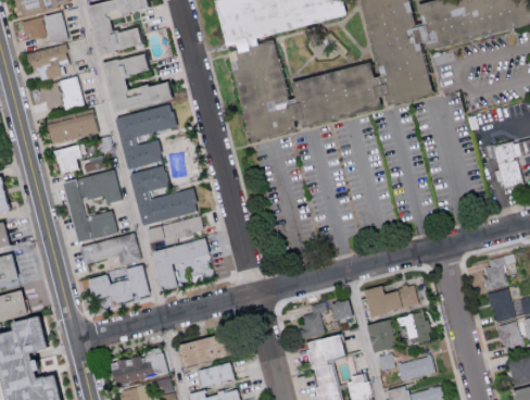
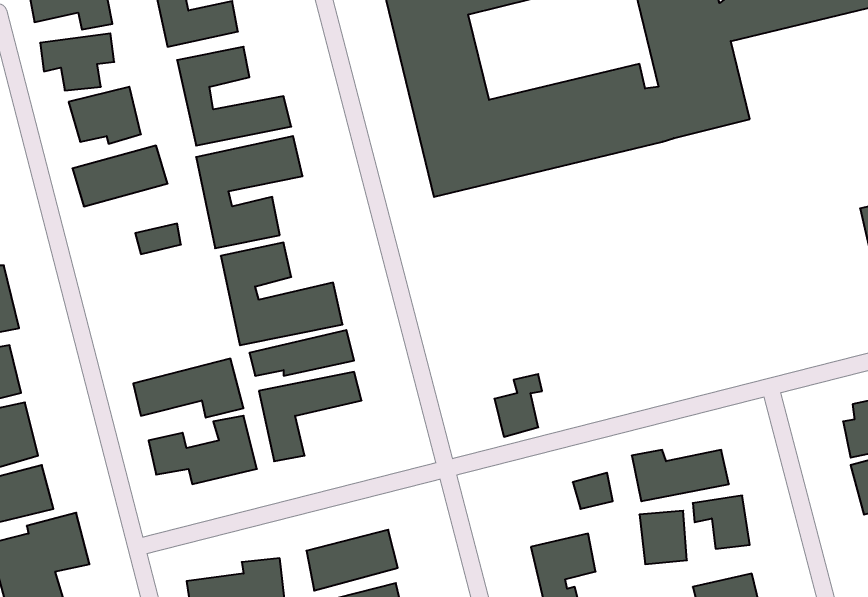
building: [55,146,80,174] -> none
building: [62,171,121,242] -> none
building: [301,301,328,337] -> [494,374,542,437]

